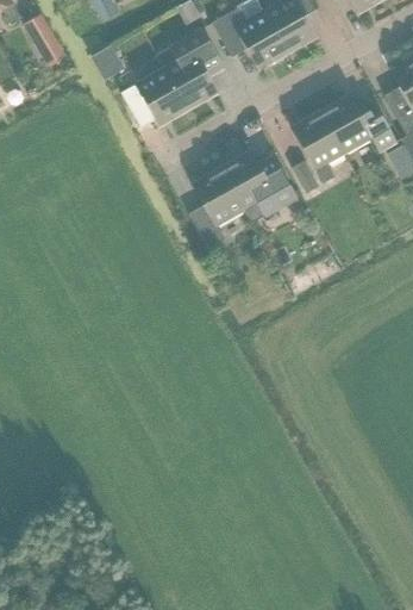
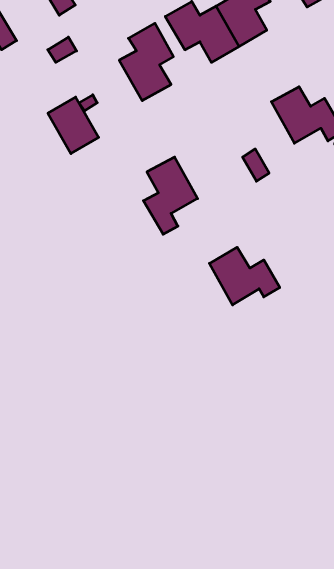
building: [136,67,188,125] -> [48,97,99,154]
building: [292,110,345,182] -> none
building: [221,150,294,210] -> [209,247,280,305]

